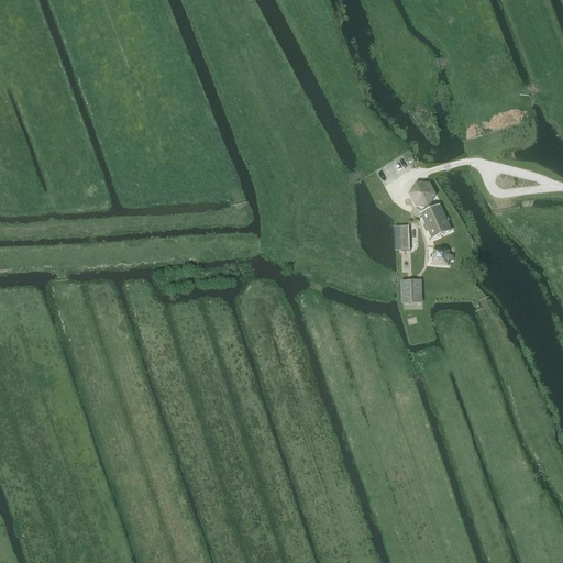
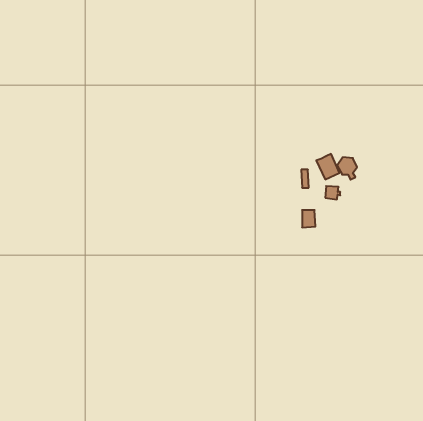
building: [409,181,435,211] -> [337,157,357,180]

